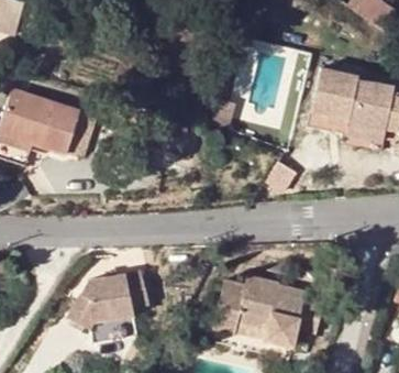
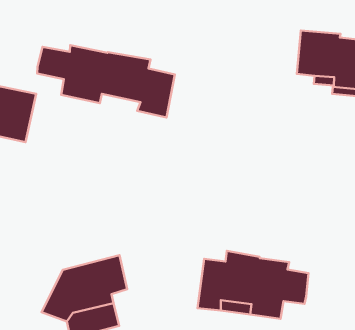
building: none -> [37,45,175,118]

